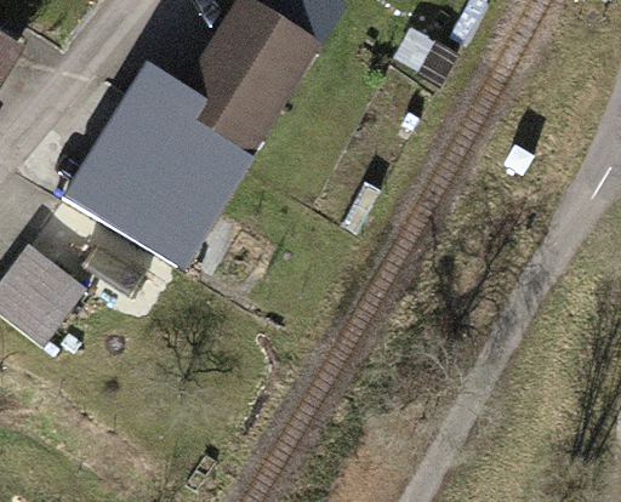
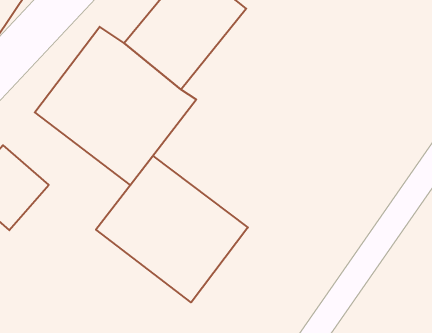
building: none -> [96,156,248,302]

